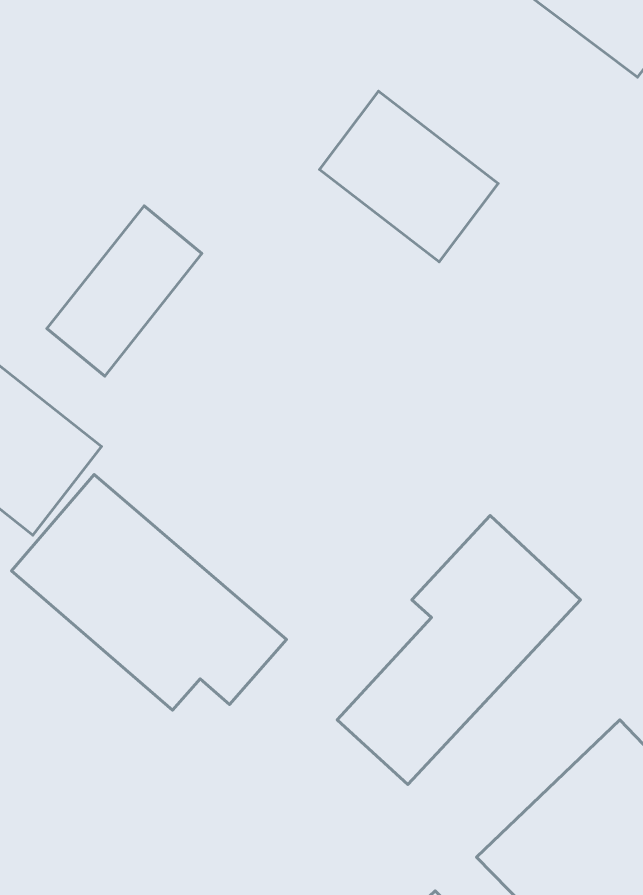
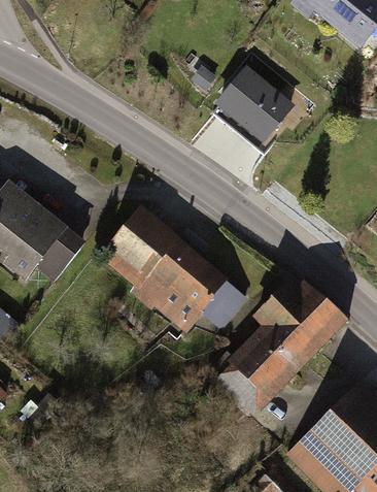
building: [47,206,202,376] -> none
building: [12,474,286,710] -> [99,206,243,330]

